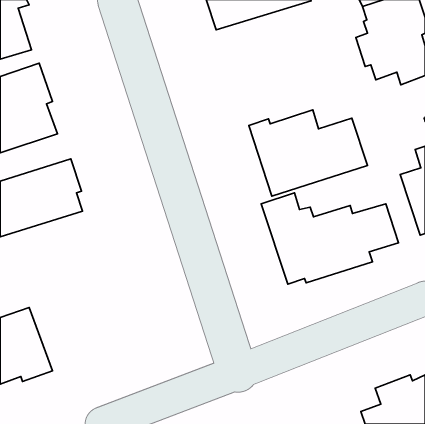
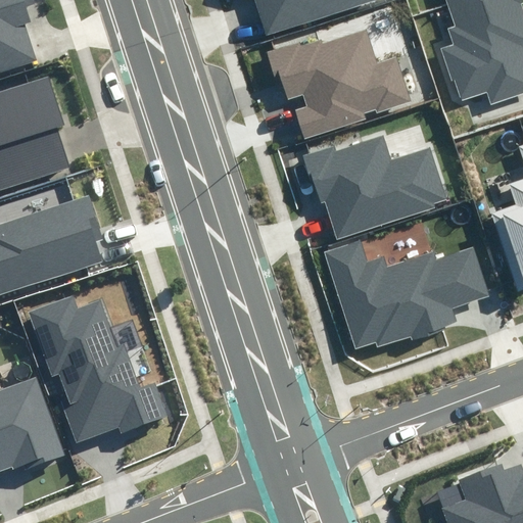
building: none -> [266,29,411,139]
building: none -> [27,291,164,443]

